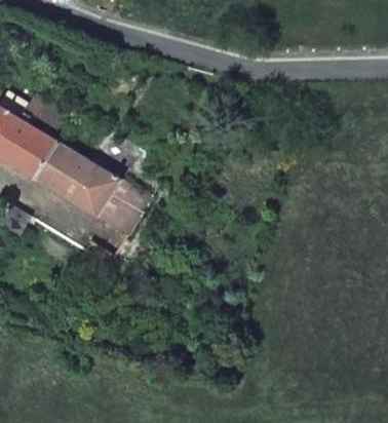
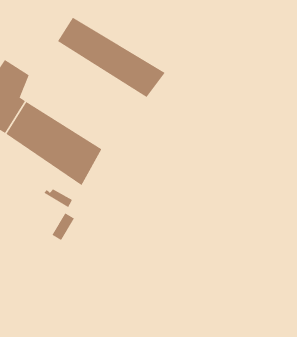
building: none -> [57,17,165,98]

